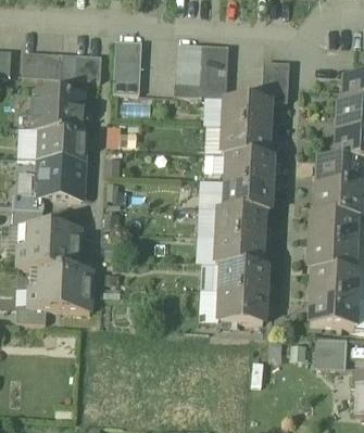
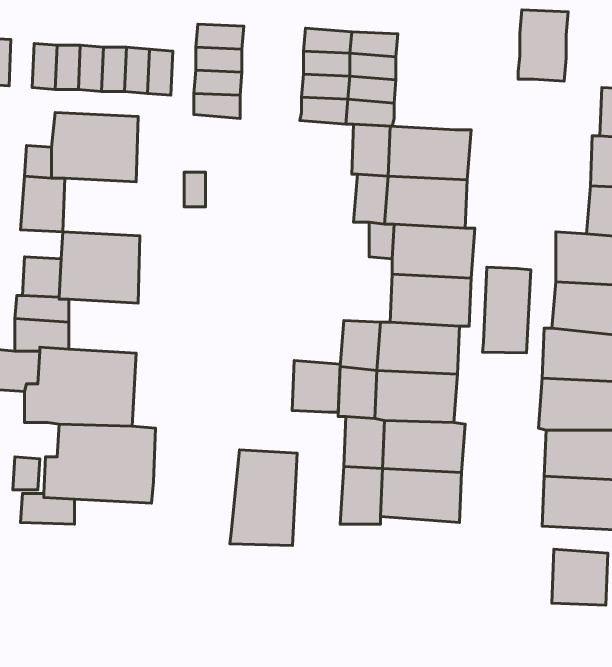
building: [262,62,290,102] -> [518,10,568,81]
building: [40,128,85,161] -> none
building: none -> [482,267,531,353]
building: [199,180,226,209] -> [292,360,340,412]
building: none -> [230,450,297,545]

